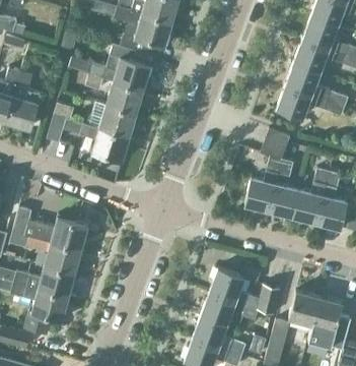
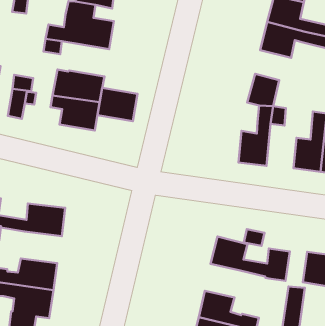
building: [105,82,143,115] -> [97,88,138,121]
building: [269,184,298,217] -> none
building: [43,243,81,274] -> none
building: [201,292,259,324] -> none

